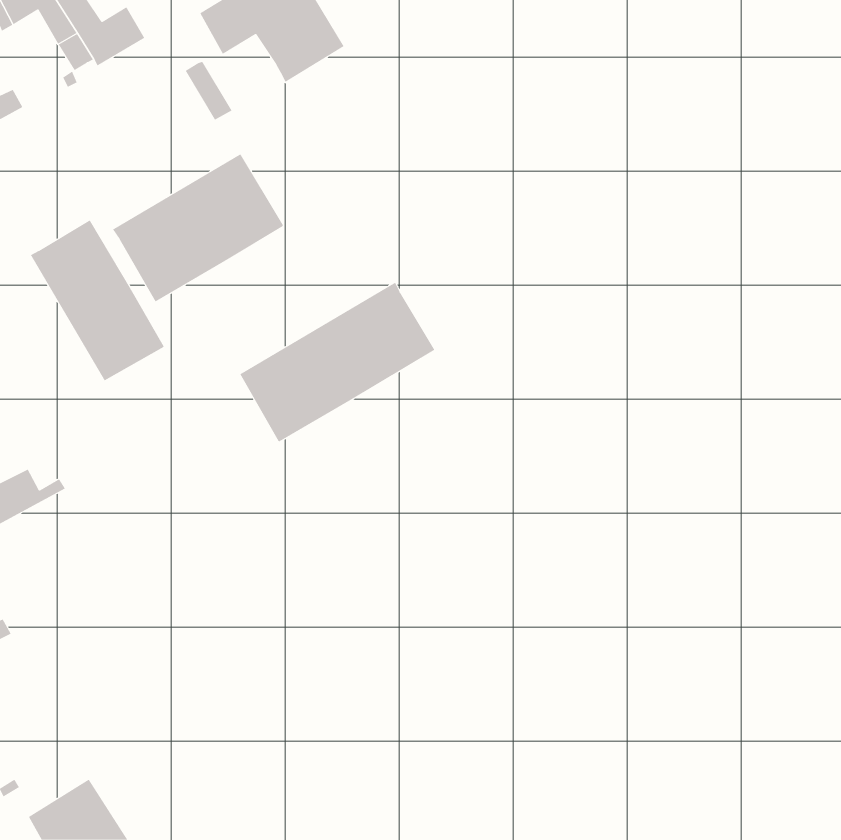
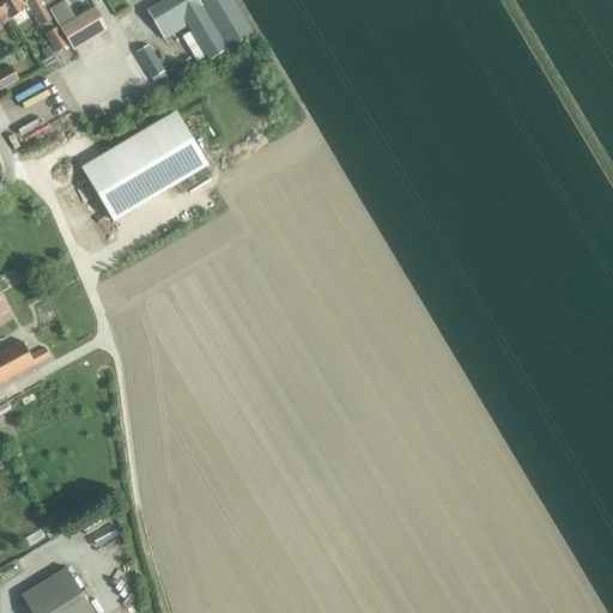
building: [30,220,164,381] -> none
building: [239,282,435,442] -> none

